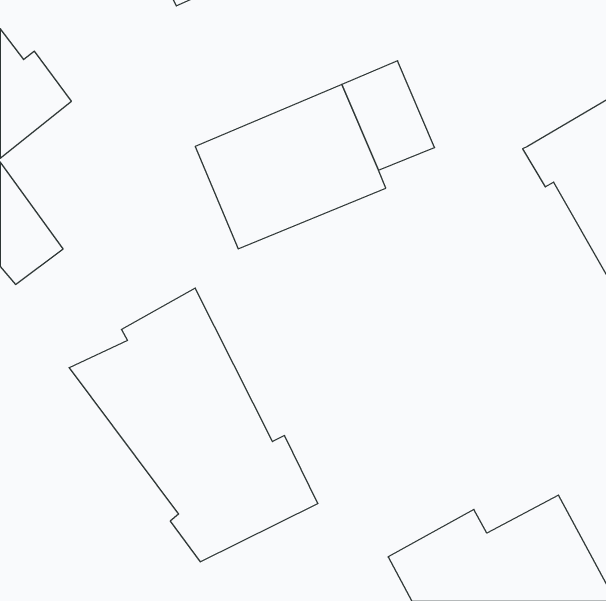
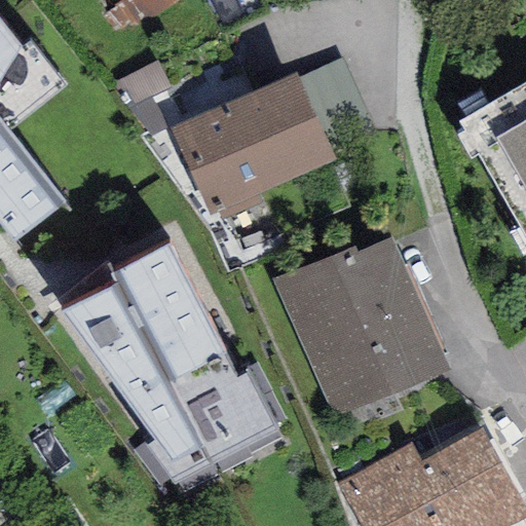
building: none -> [276,238,449,419]

